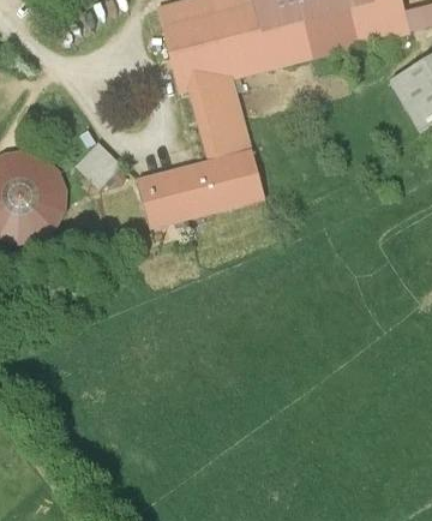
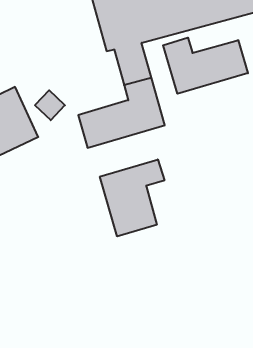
building: none -> [163,38,248,94]
building: none -> [100,159,164,236]

